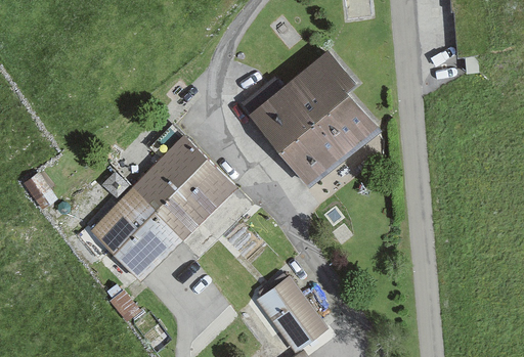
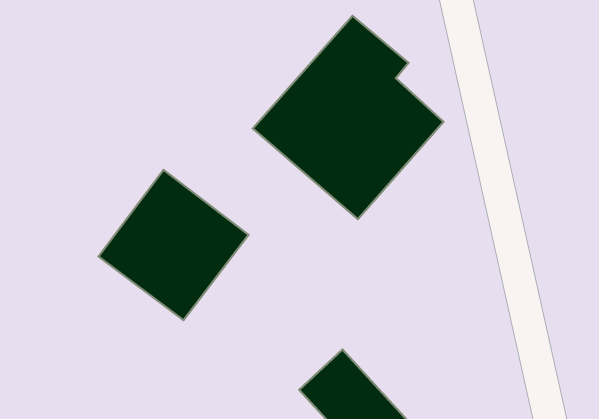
building: [88,188,182,281] -> none

